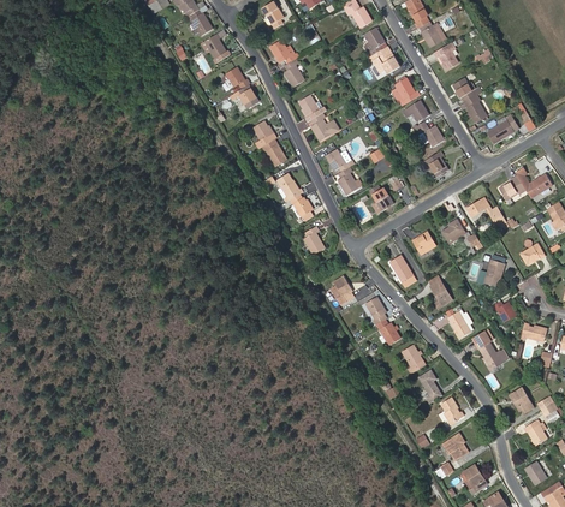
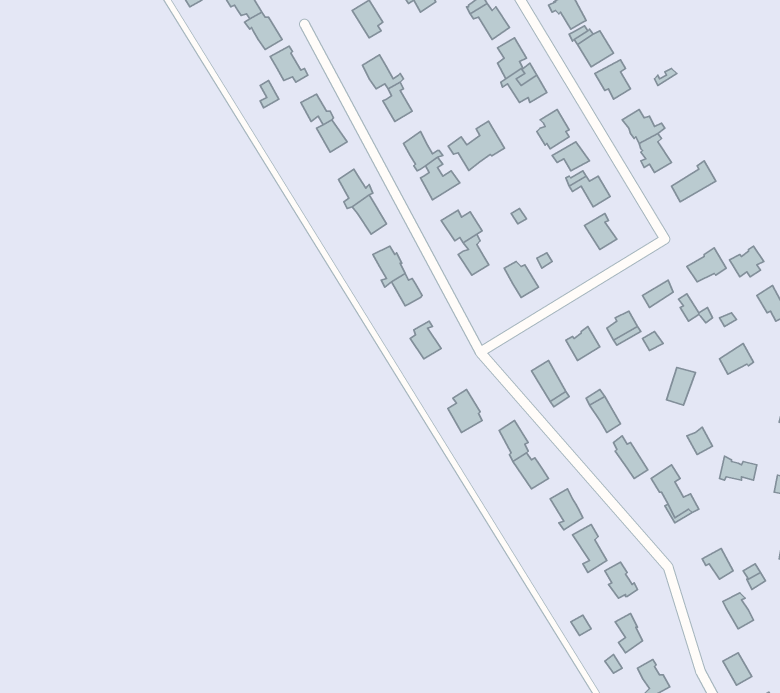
building: none -> [448,121,504,170]

